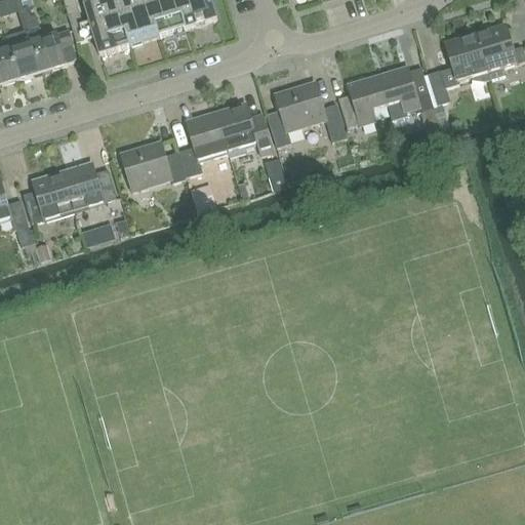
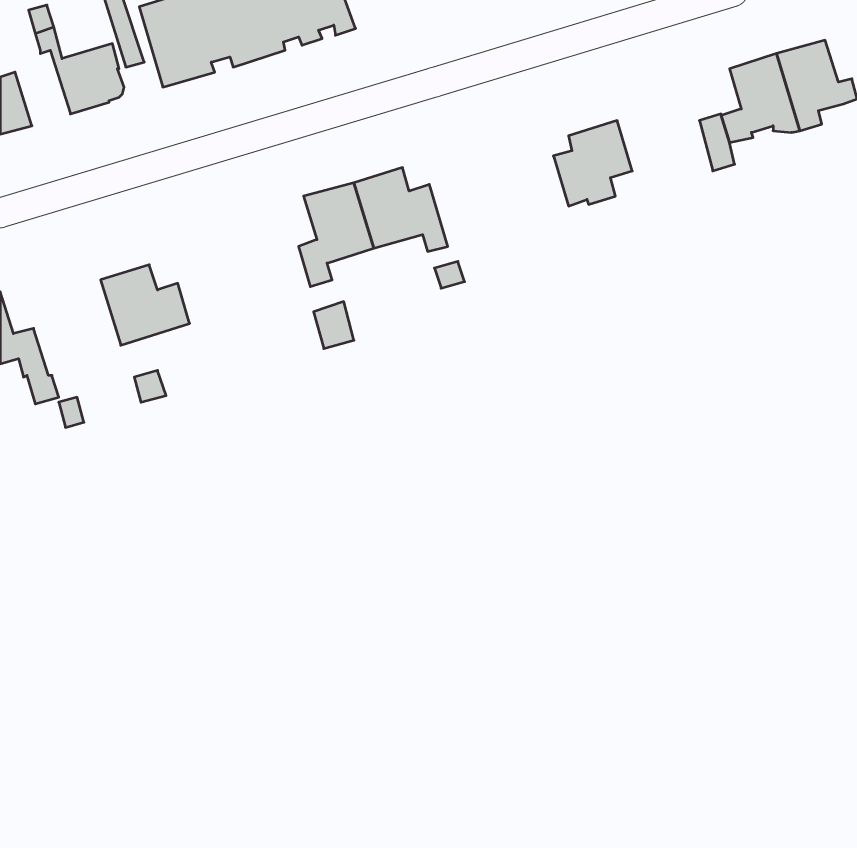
building: [9,31,43,77] -> none
building: [377,65,441,134] -> none
building: [266,82,346,146] -> none
building: [121,143,187,190] -> none
building: [24,171,74,224] -> none

